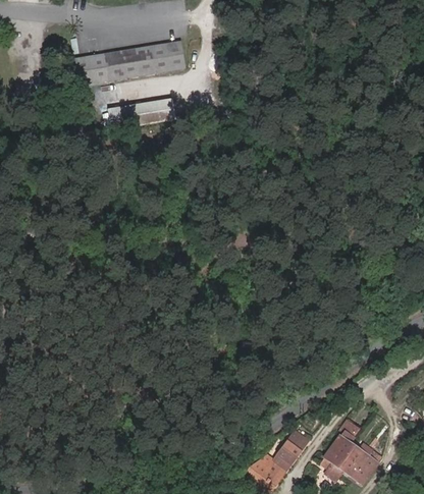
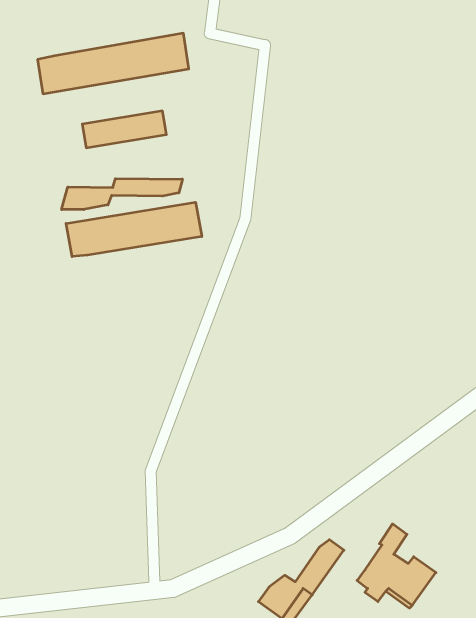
building: none -> [62,179,182,210]
building: none -> [66,202,202,257]

